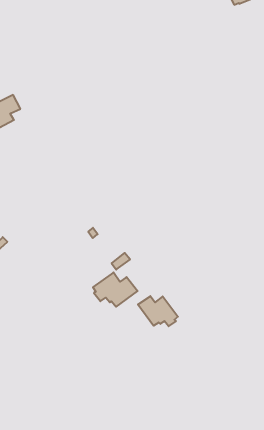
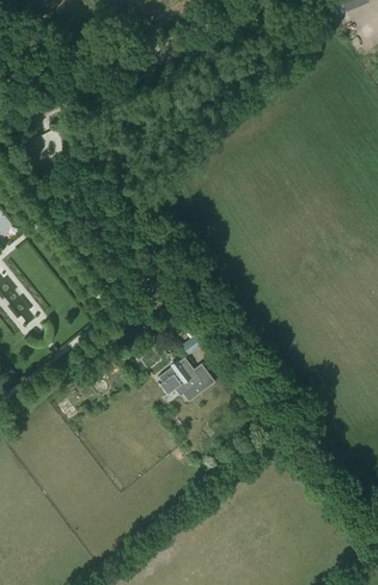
building: [138,296,178,326] -> none

